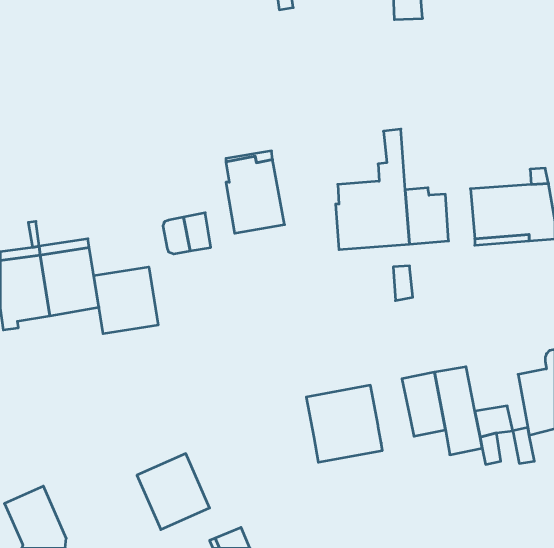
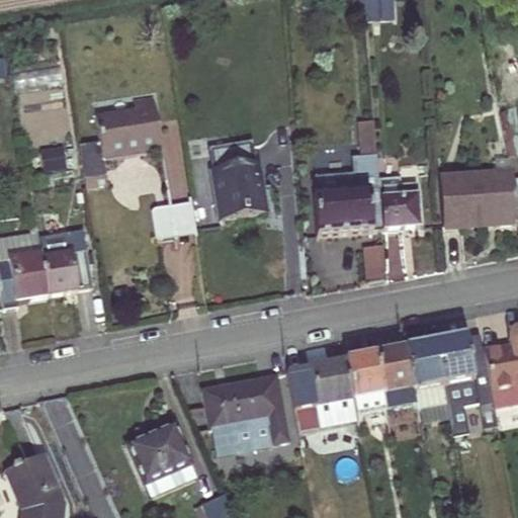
building: none -> [80,93,163,185]
building: [94,267,158,334] -> none
building: none -> [435,336,473,383]
building: none -> [346,353,386,413]
building: none -> [202,373,289,452]

